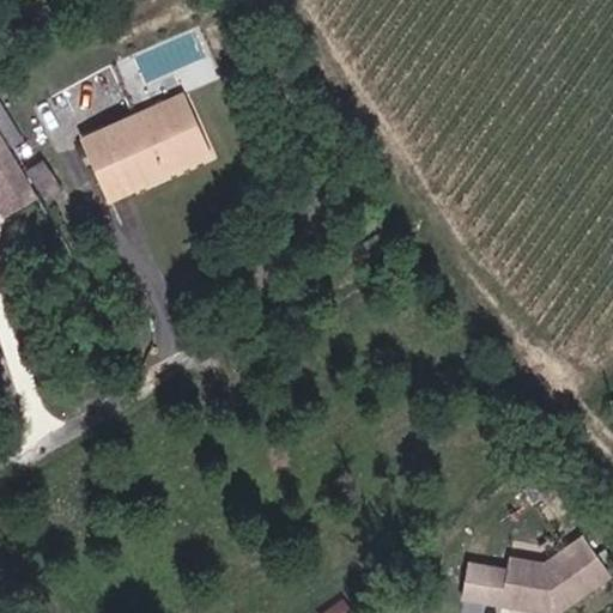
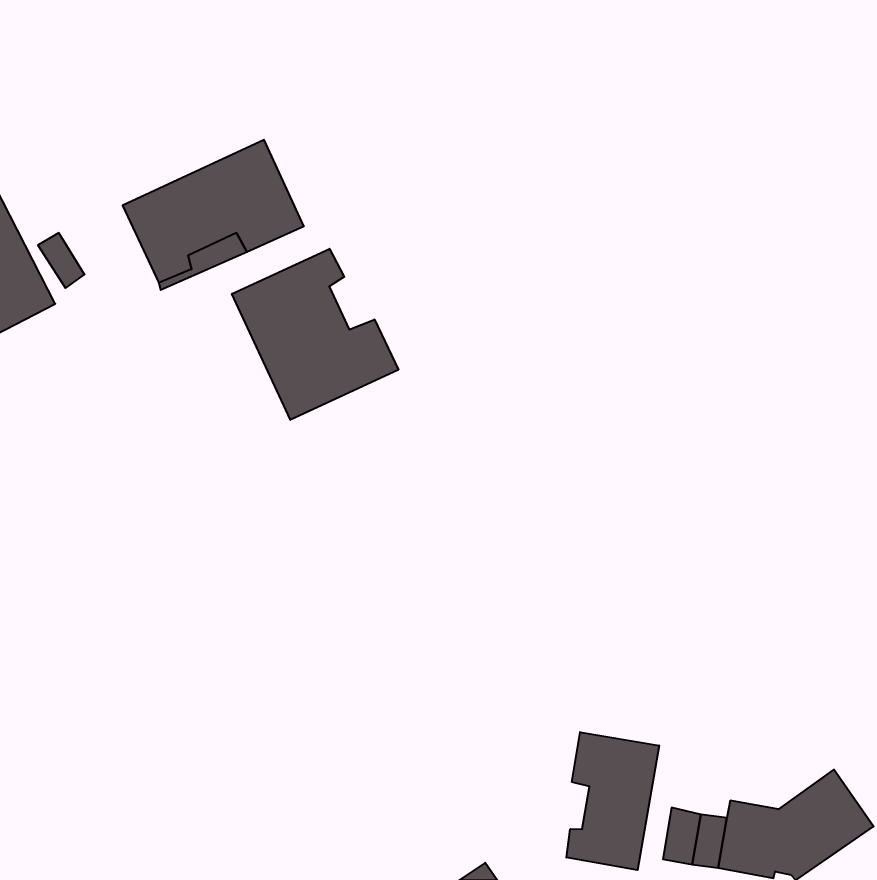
building: none -> [232,249,398,420]
building: none -> [566,732,659,870]

